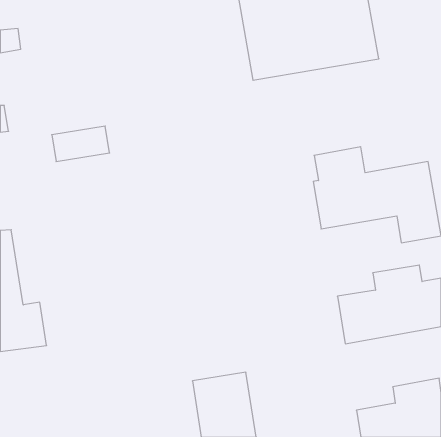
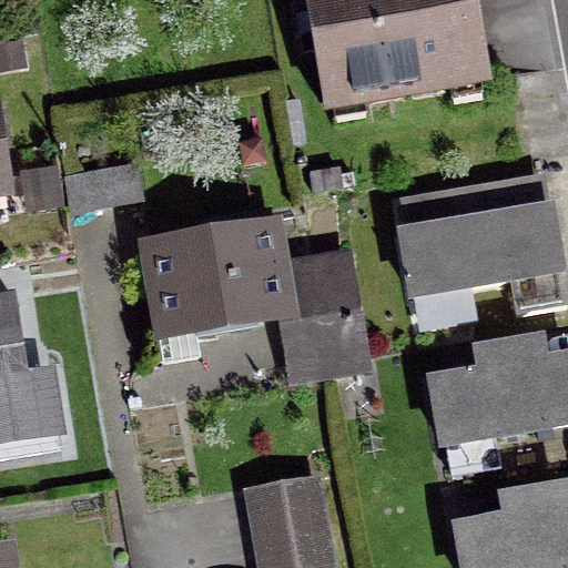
building: none -> [148,210,361,377]

